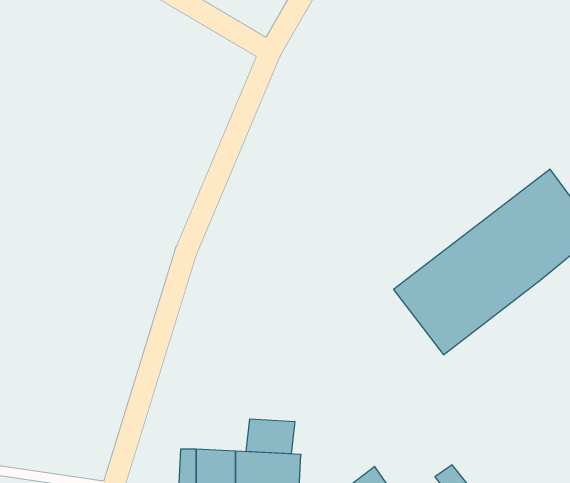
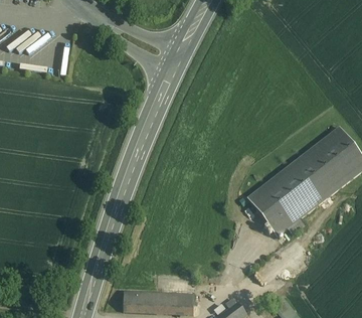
building: [246,419,295,454] -> none

